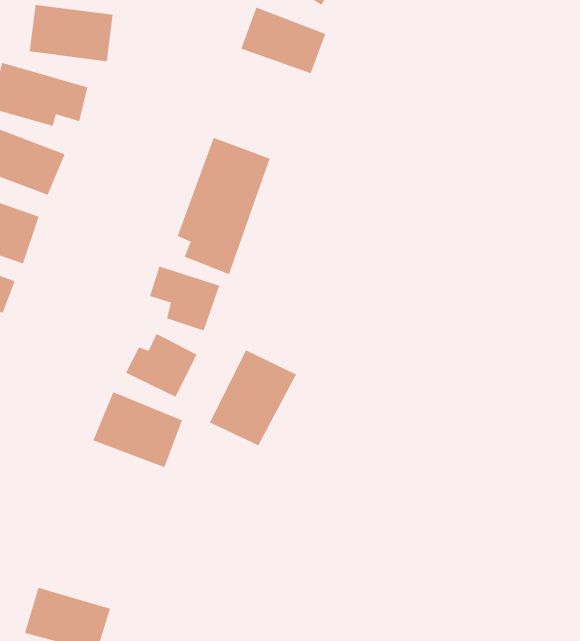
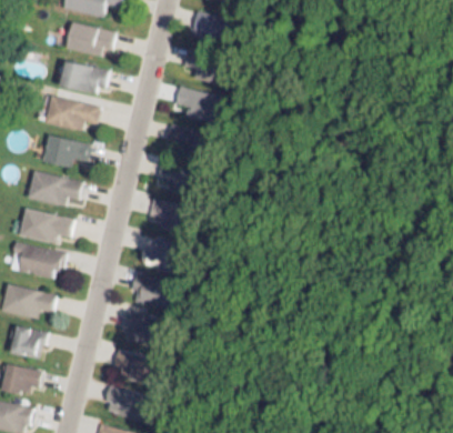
building: none -> [171,85,218,121]
building: [209,349,297,446] -> none
building: none -> [119,310,162,346]
building: none -> [110,350,152,382]

